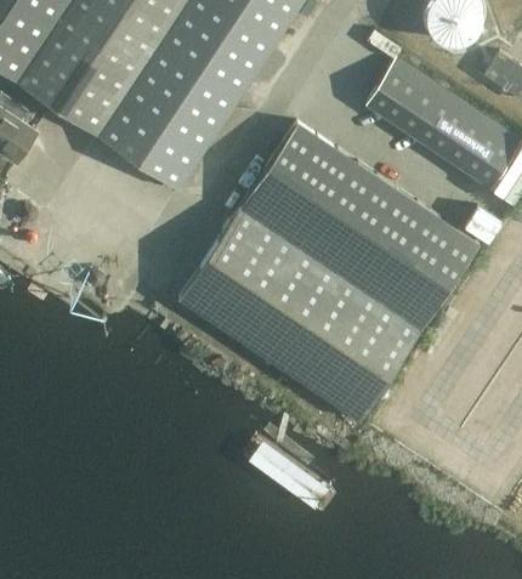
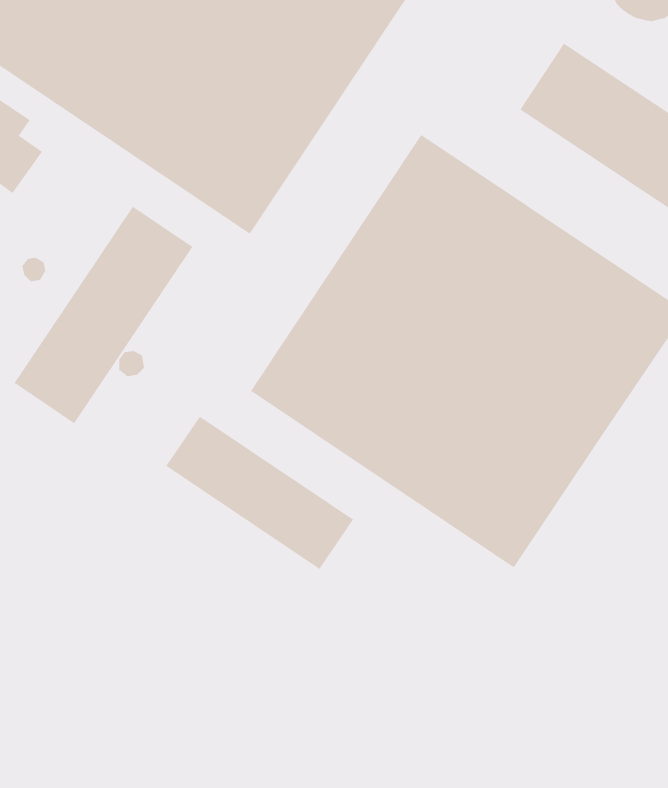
building: none -> [14,206,193,424]
building: none -> [165,416,354,570]

